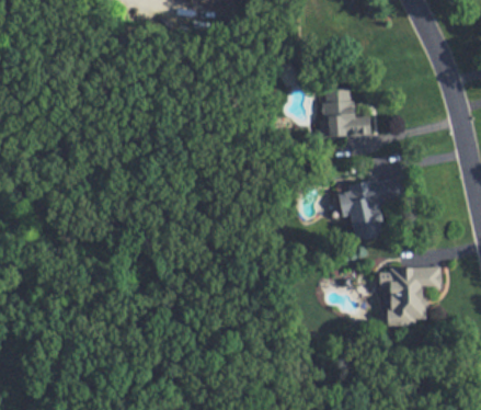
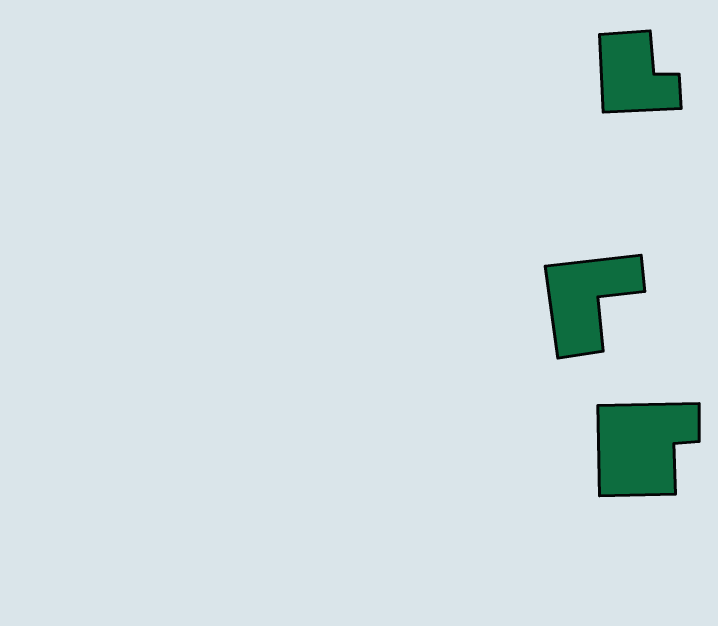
building: [322,89,371,138] -> [600,31,681,112]

